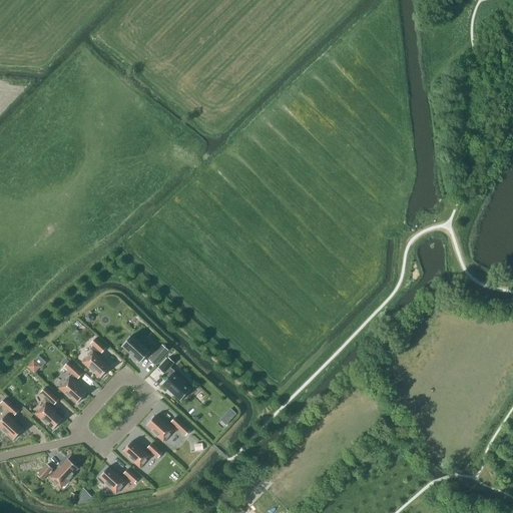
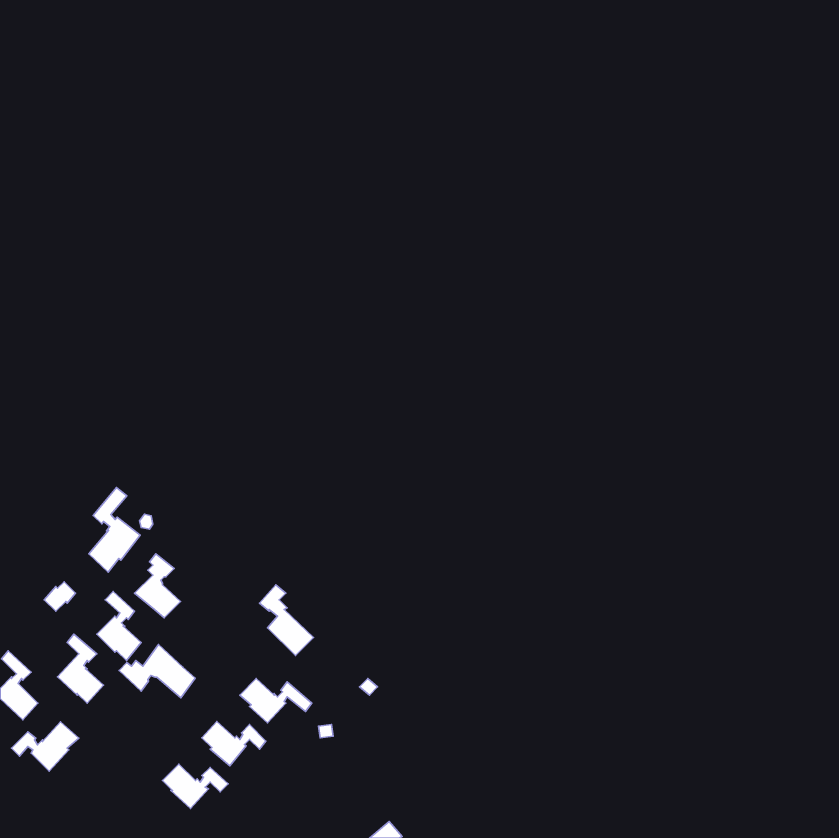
building: none -> [89,488,140,572]
building: [122,335,168,364] -> none
building: none -> [119,645,195,698]
building: [38,458,79,488] -> [11,722,79,771]

